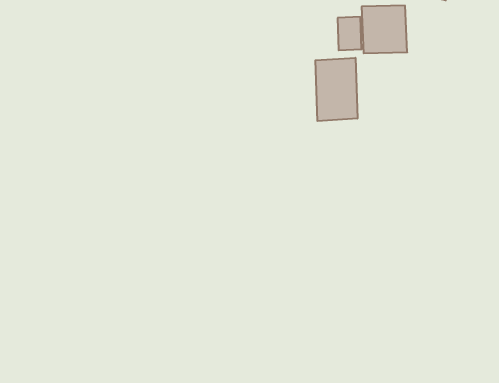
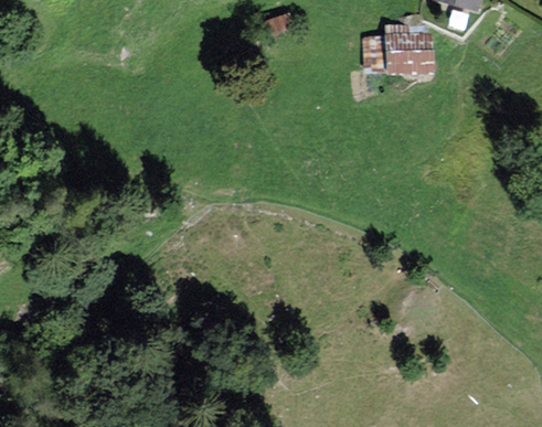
building: [315,58,357,121] -> none

